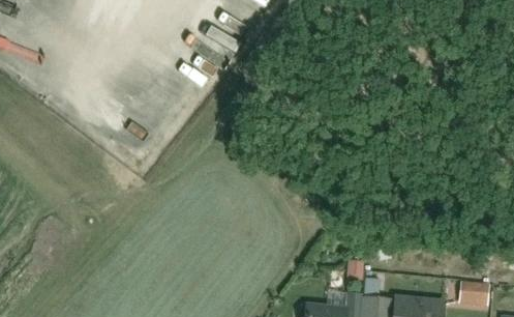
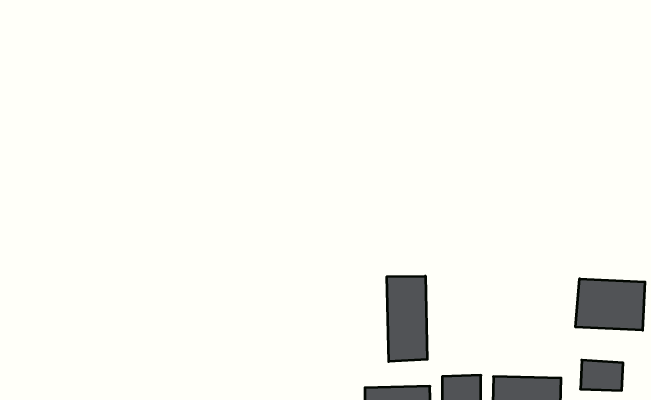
building: none -> [387,276,427,362]
building: none -> [576,279,645,330]

